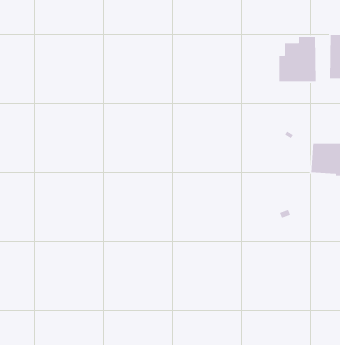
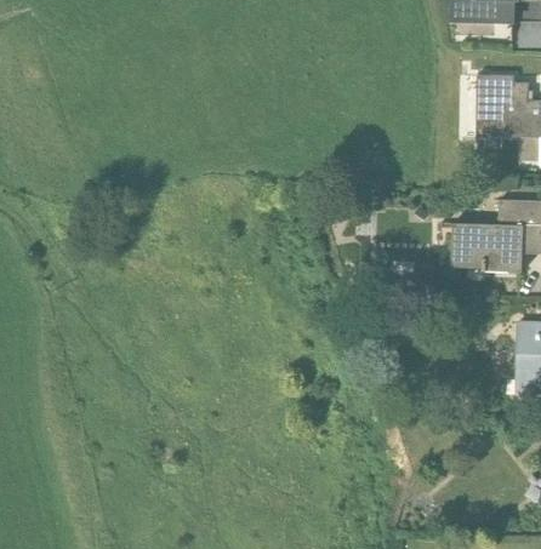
building: [279,36,317,82] -> none

